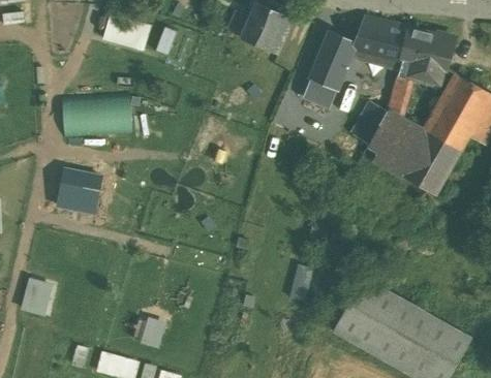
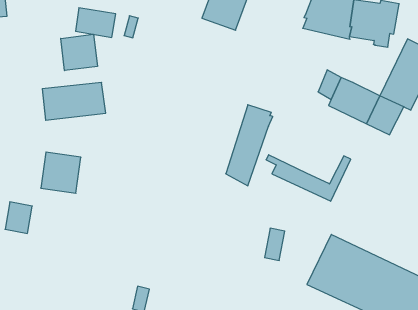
building: [300,30,355,117] -> [226,105,273,186]
building: none -> [61,34,97,71]
building: [387,67,426,117] -> none
building: [368,139,459,194] -> [266,155,351,201]
building: [22,279,53,314] -> [5,202,32,233]

